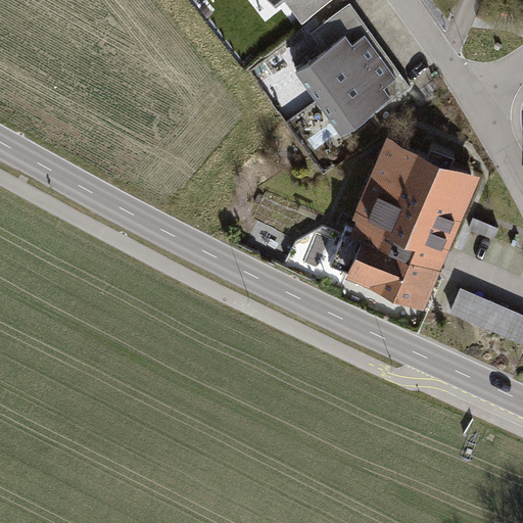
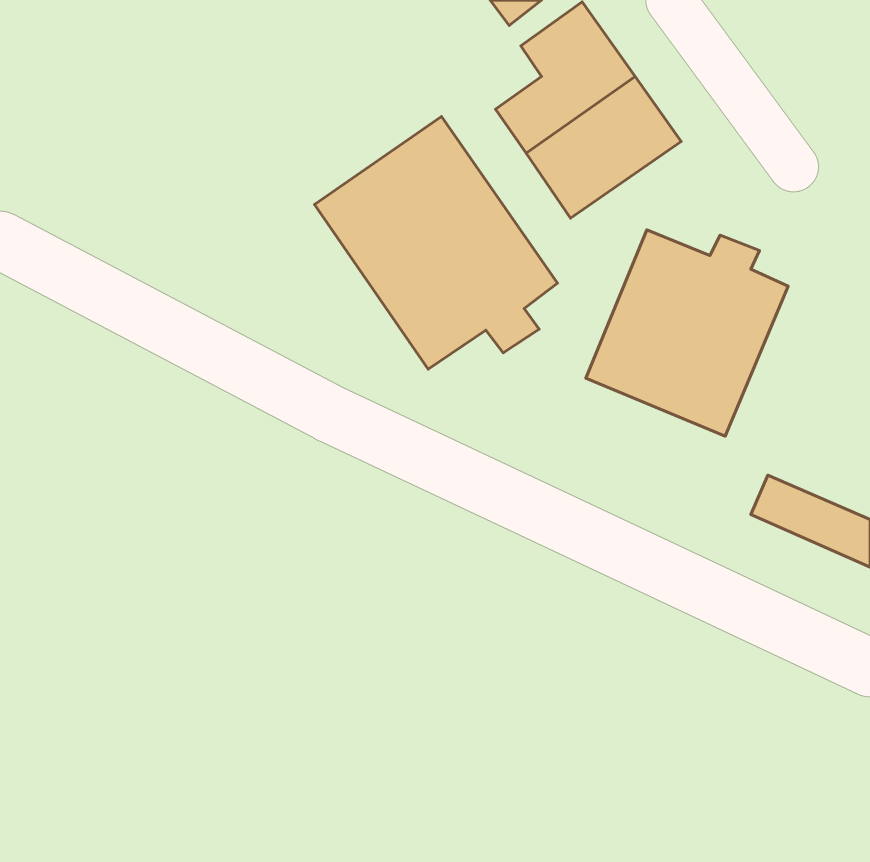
building: none -> [314,117,558,369]
building: [333,231,435,302] -> none

